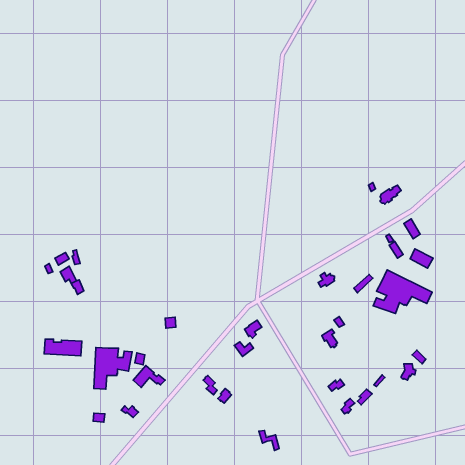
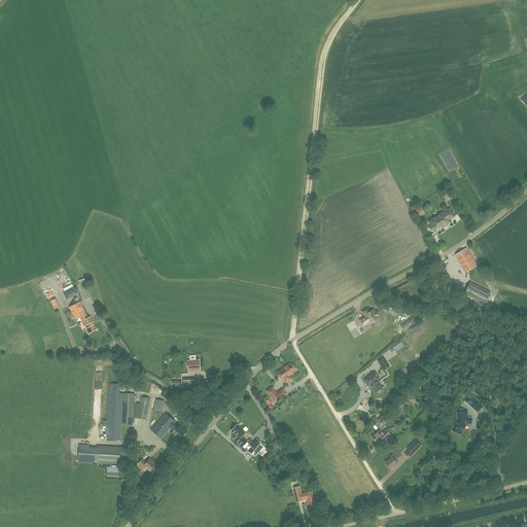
building: [373,270,432,314] -> none
building: [44,339,82,356] -> [77,445,119,463]

